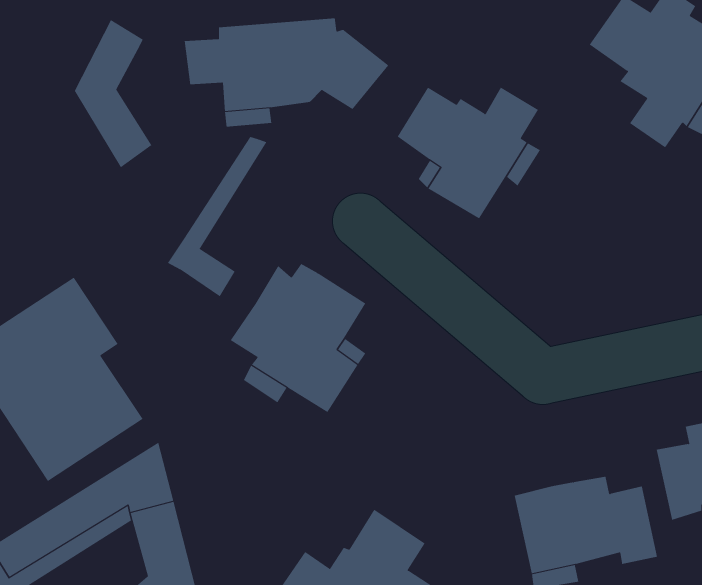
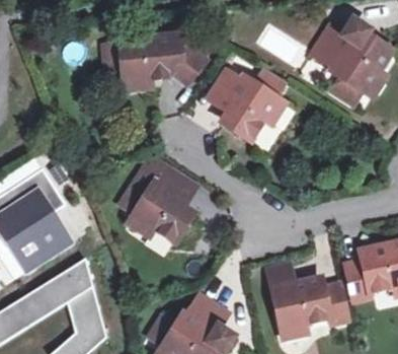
building: [74,19,152,168] -> none
building: [167,136,267,297] -> none

